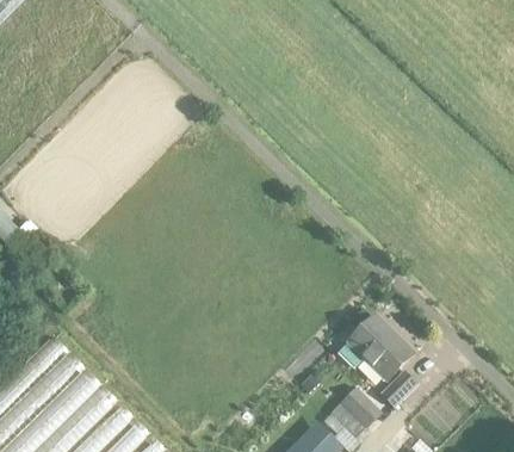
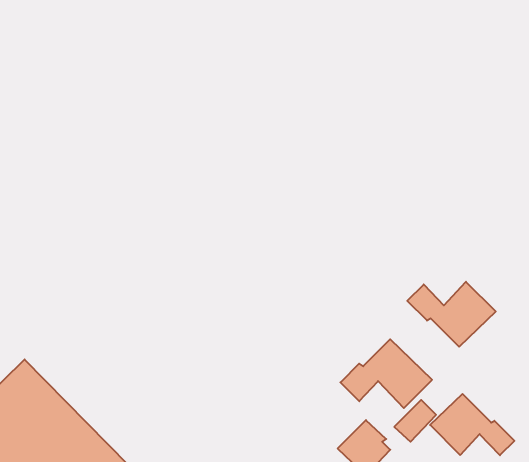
building: none -> [407,282,496,347]
building: none -> [430,394,514,455]

